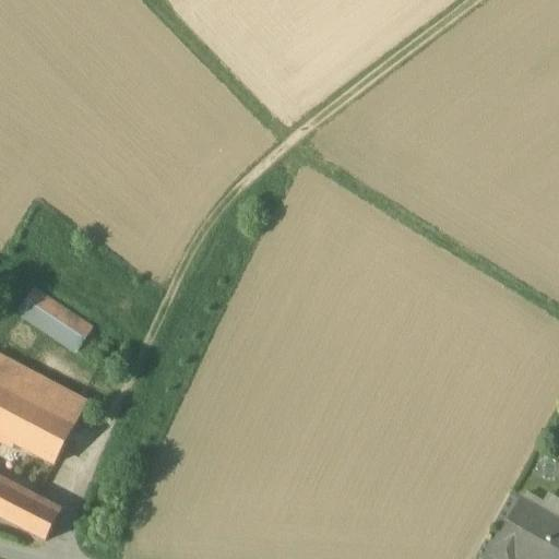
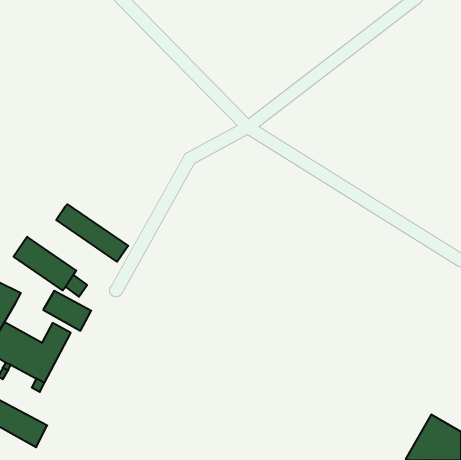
building: none -> [56,204,128,262]
building: [5,365,63,413] -> [43,291,91,331]

